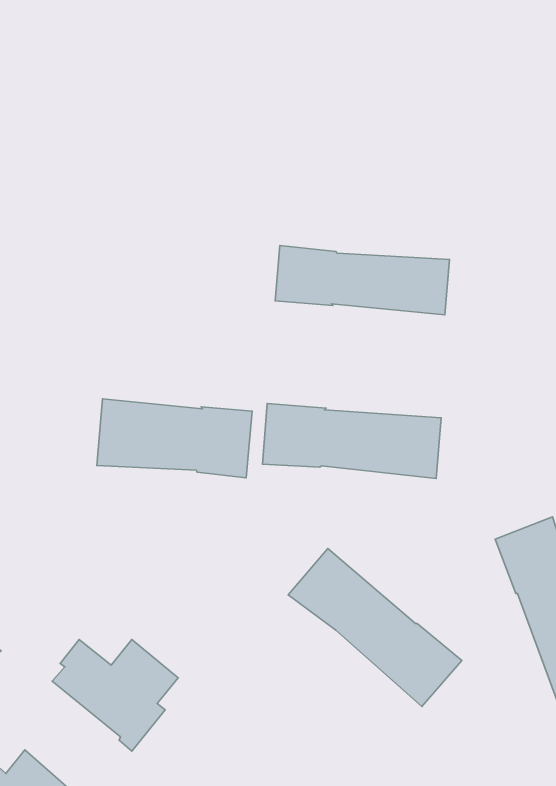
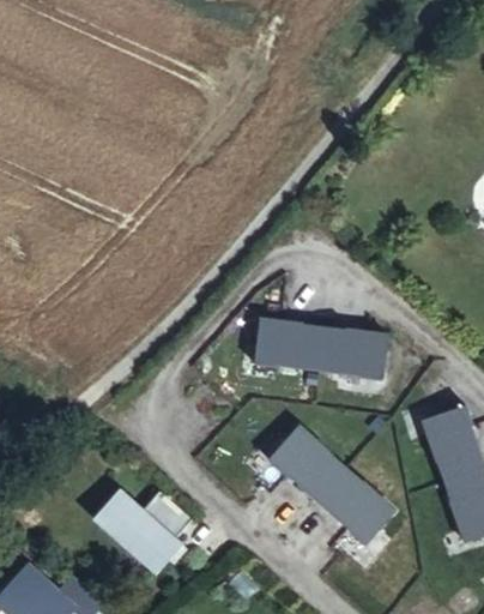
building: [275,245,450,315] -> none
building: [97,399,252,478] -> none

